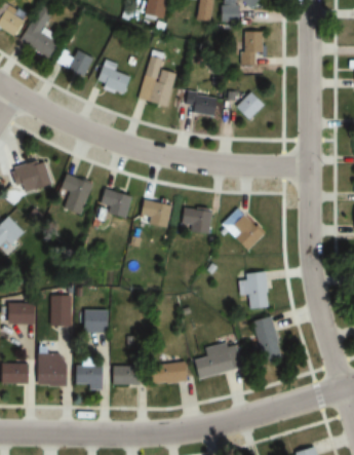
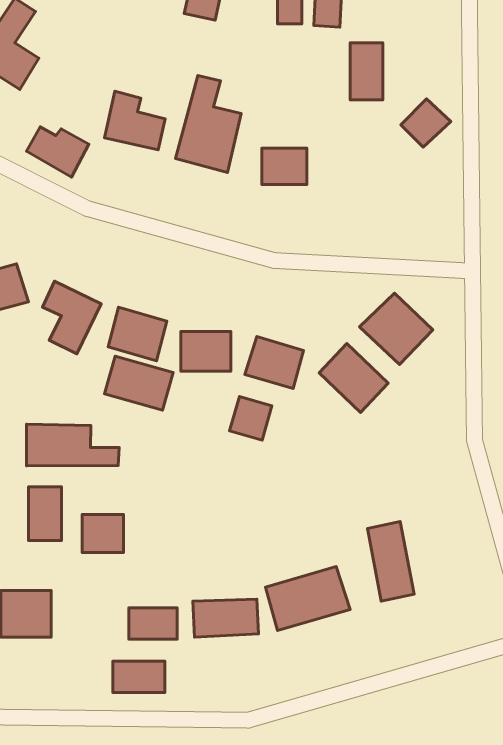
building: [56,48,93,78] -> [26,127,89,177]
building: [235,91,265,120] -> [401,99,451,147]
building: none -> [359,293,433,364]
building: none -> [104,356,173,410]
building: none -> [230,396,272,440]
building: none -> [26,424,119,466]
building: [240,272,268,308] -> none
building: [74,366,105,384] -> [113,661,165,692]

